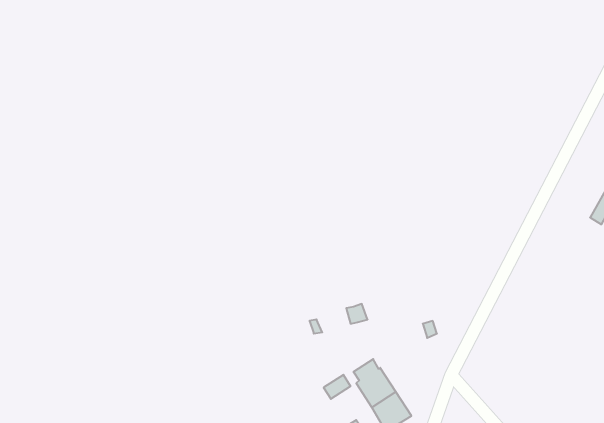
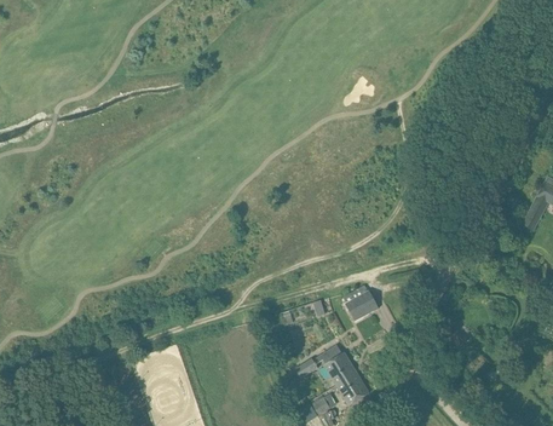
building: none -> [345,289,379,319]

